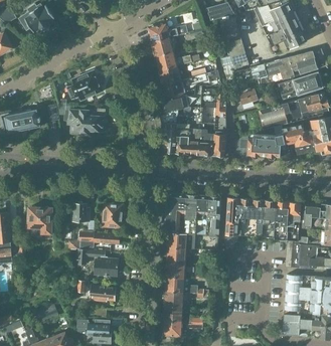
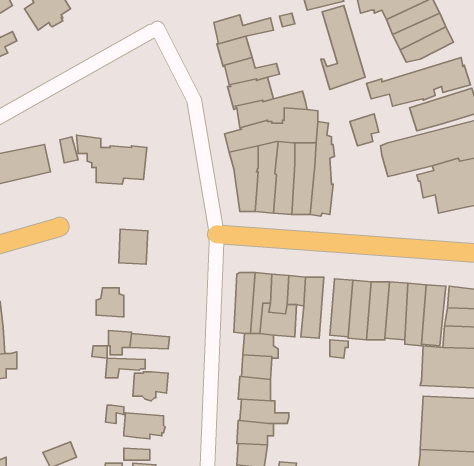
building: [68,71,102,100] -> none
building: [247,133,289,157] -> none
building: [104,204,123,227] -> [119,229,148,264]
building: [29,208,52,236] -> none

